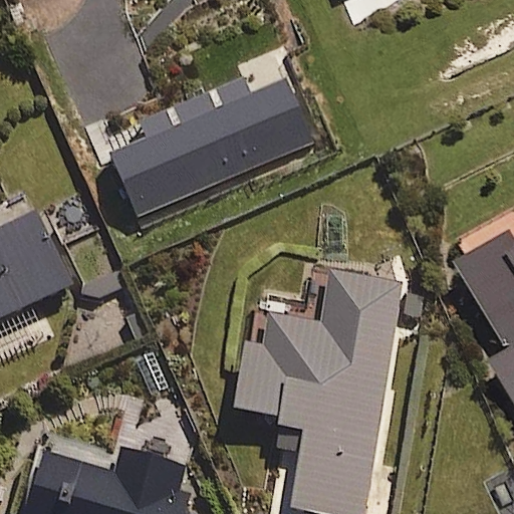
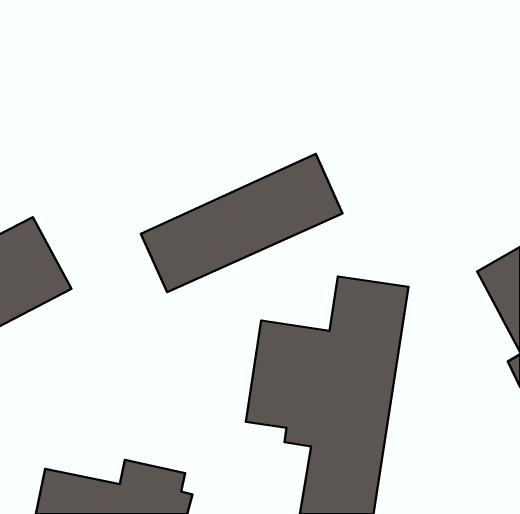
building: [111,77,309,213] -> [141,154,342,292]

